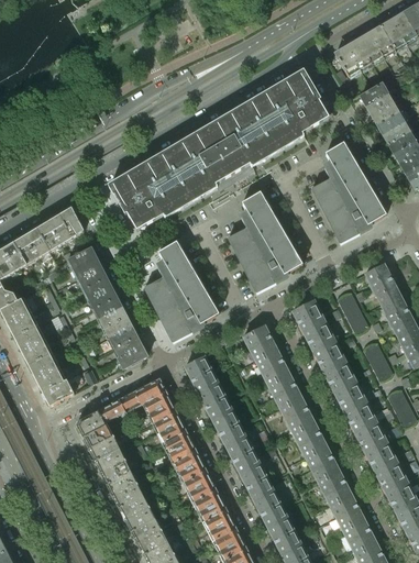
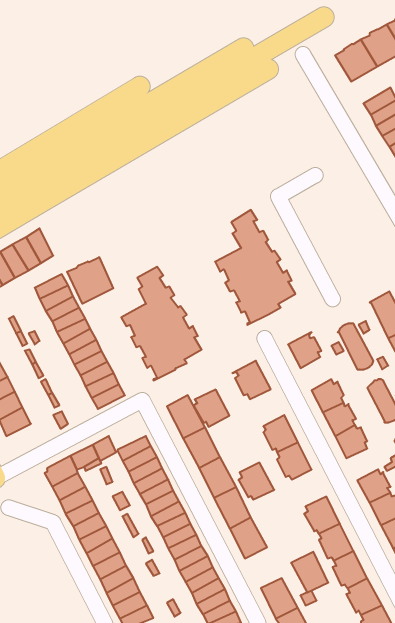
building: [109,70,329,230] -> none
building: [311,142,383,243] -> none
building: none -> [67,257,113,304]
building: [304,321,332,351] -> none
building: [257,350,289,383] -> [194,390,229,427]
building: [42,378,74,406] -> none
building: [133,378,166,406] -> none
building: [344,402,374,431] -> none
building: [295,421,327,454] -> [238,463,274,500]
building: [254,490,287,527] -> [291,552,328,593]

